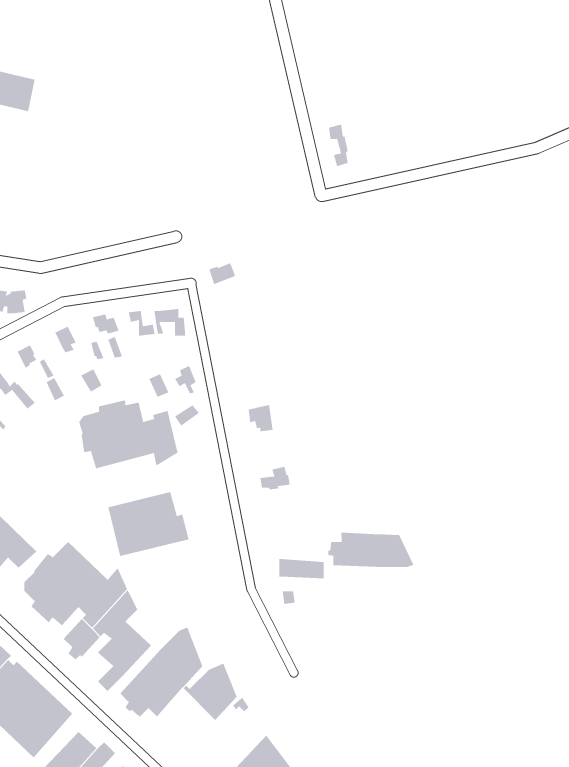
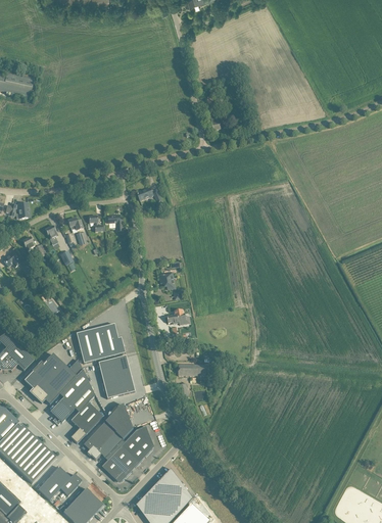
building: [78,399,178,469] -> none
building: [328,532,414,568] -> none
building: none -> [97,354,135,397]
building: none -> [101,440,140,480]

